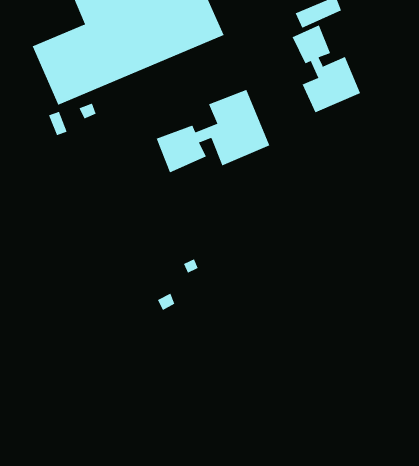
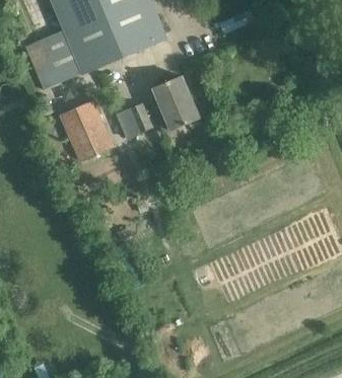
building: [292,24,361,113] -> none
building: none -> [59,100,114,160]

